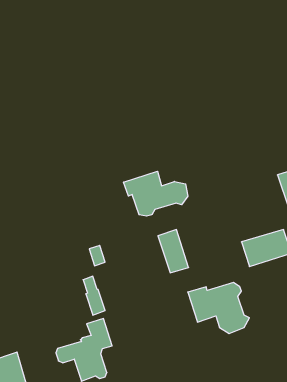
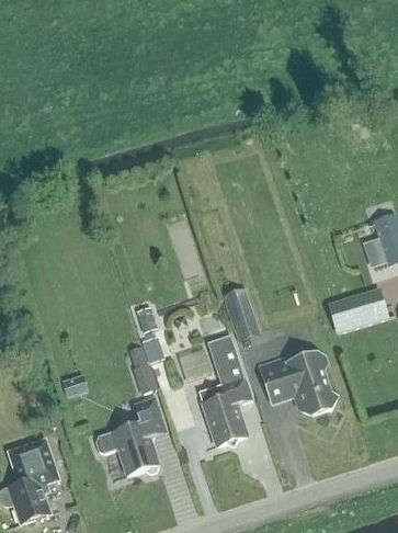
building: [124,171,188,216] -> none
building: none -> [198,333,252,445]

